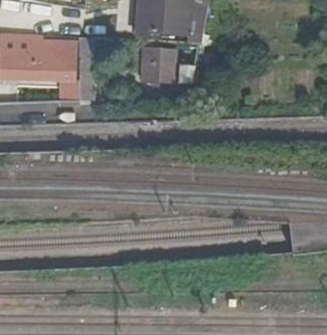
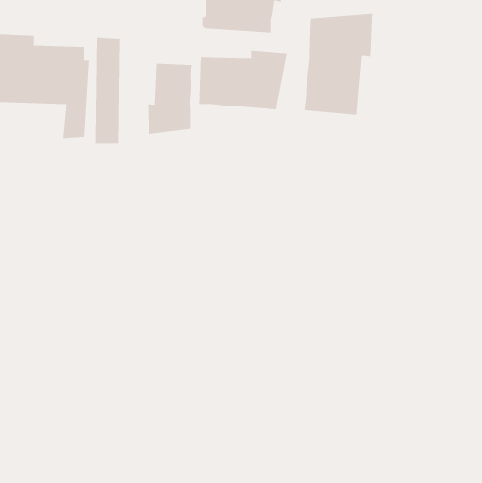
building: none -> [304,13,373,115]
building: none -> [148,63,192,135]

